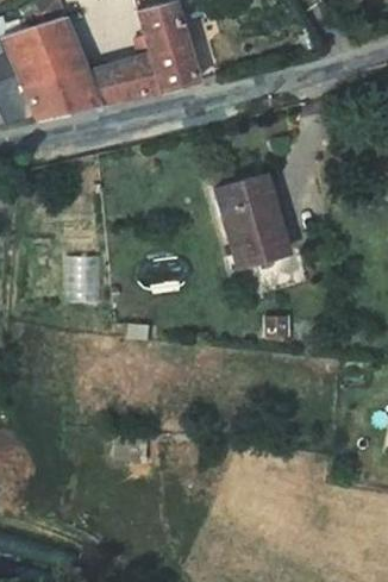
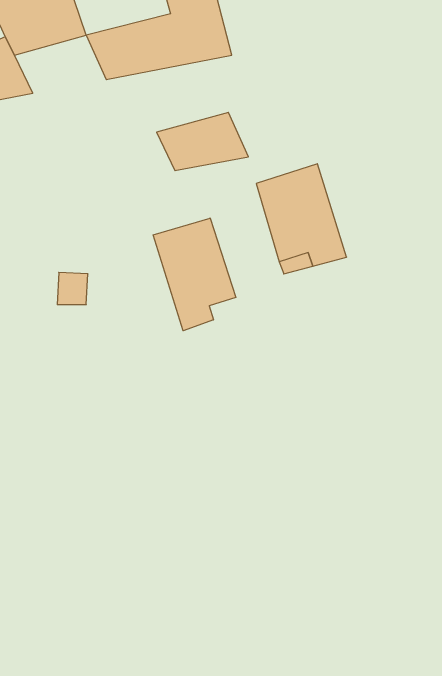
building: [33,73,105,118] -> [157,112,248,171]
building: none -> [153,218,236,331]

